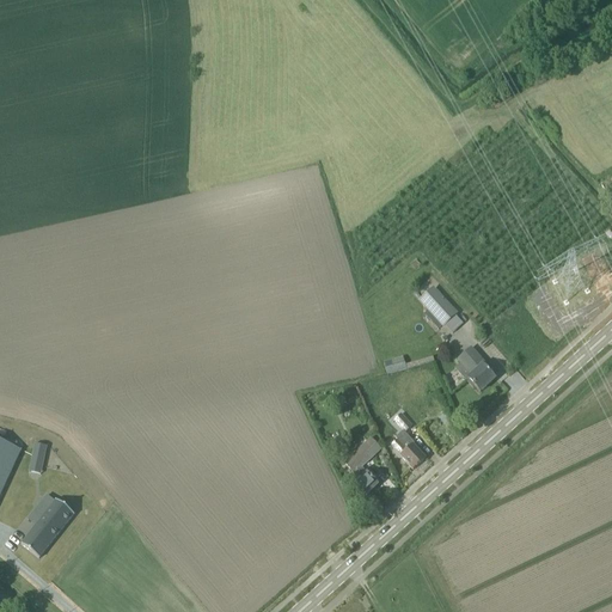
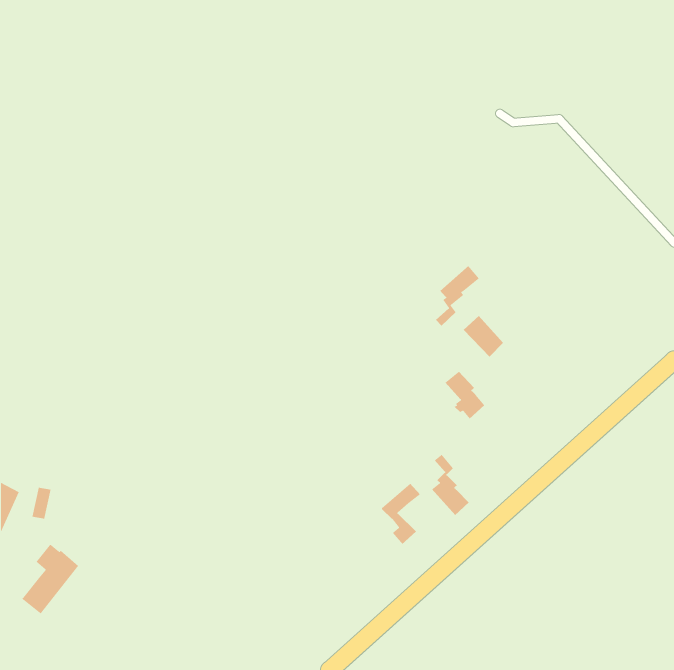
building: none -> [435,265,480,326]
building: [458,345,495,390] -> [444,371,485,420]

